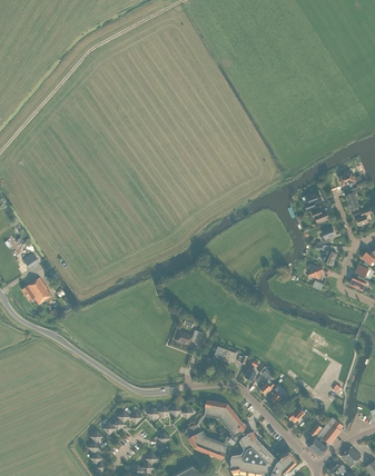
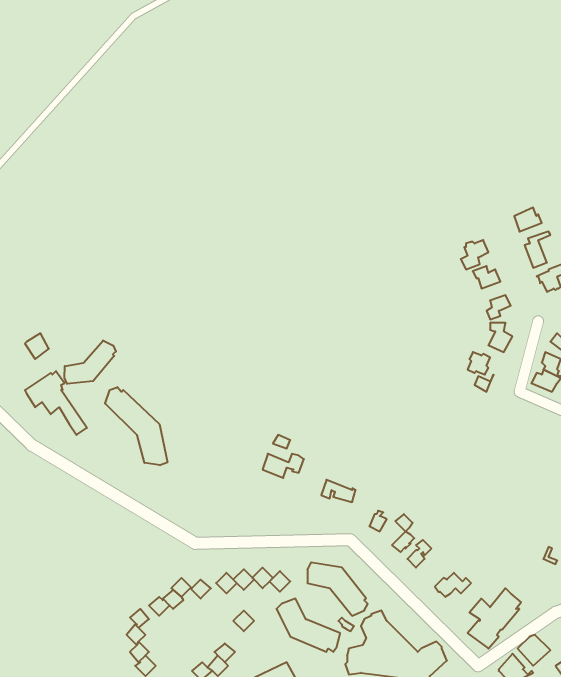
building: none -> [64,340,116,384]
building: none -> [105,387,167,465]

